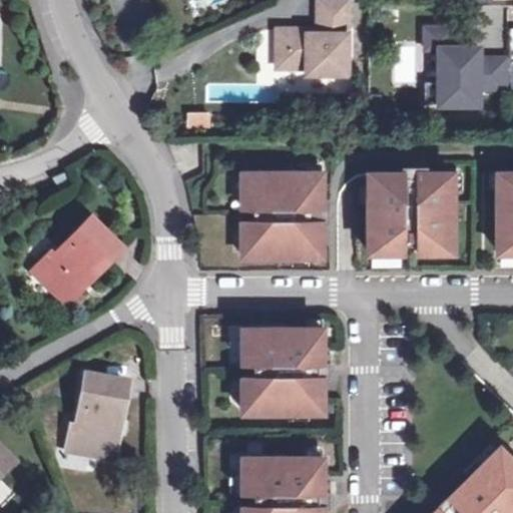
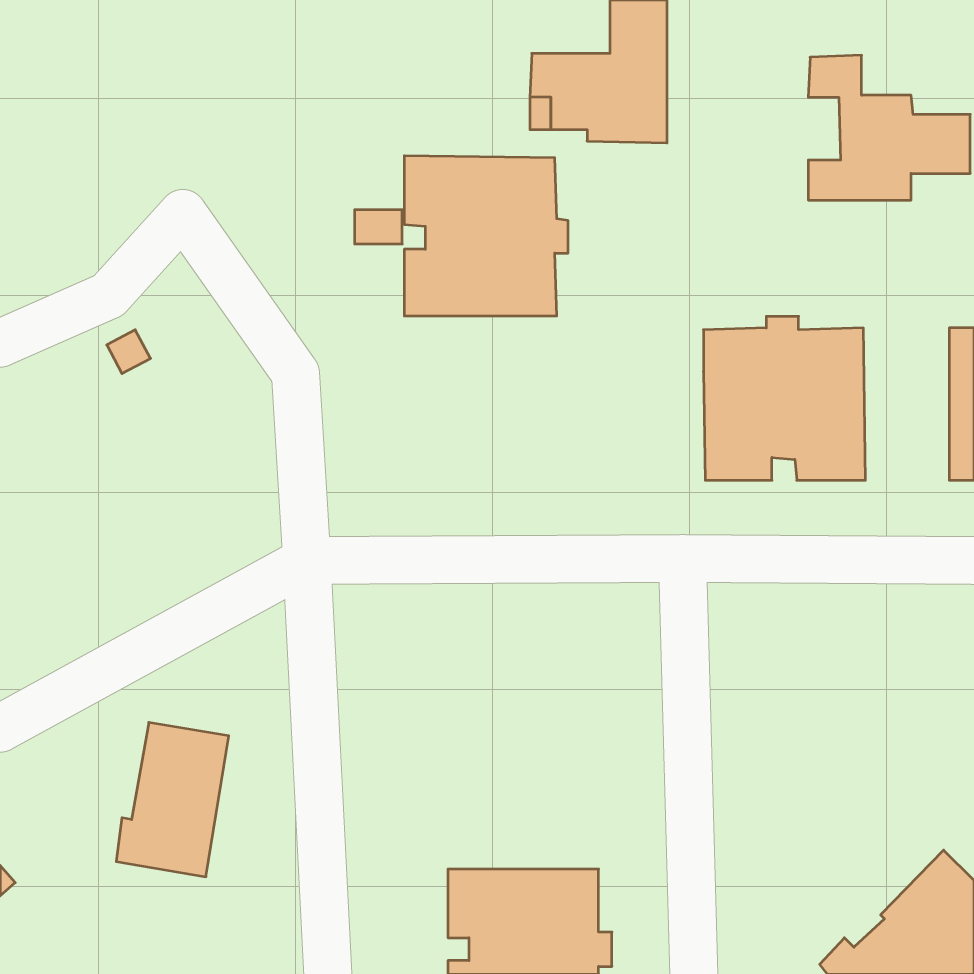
building: [243,172,330,256] -> [404,156,568,316]
building: [33,221,120,306] -> none
building: [240,329,327,413] -> none

